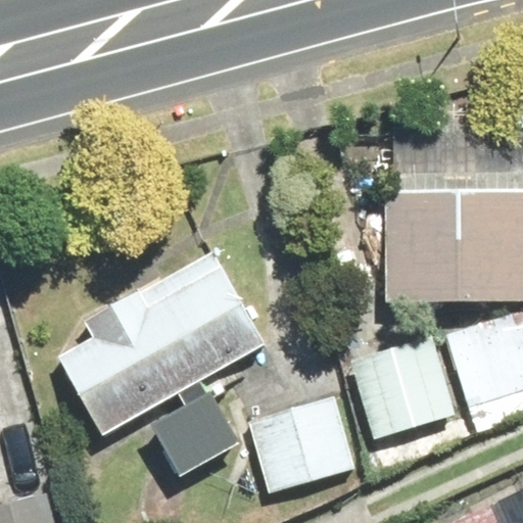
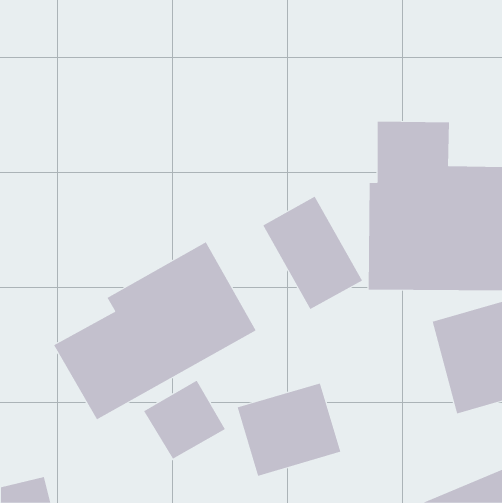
building: none -> [262,196,363,310]
building: [350,335,456,441] -> none

